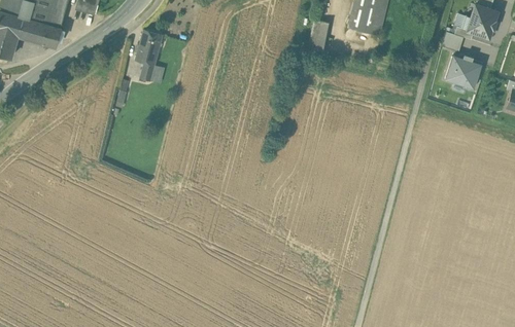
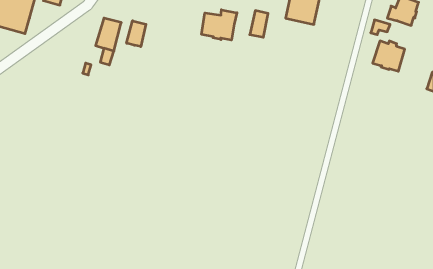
building: none -> [202,10,237,40]
building: none -> [127,21,146,47]

